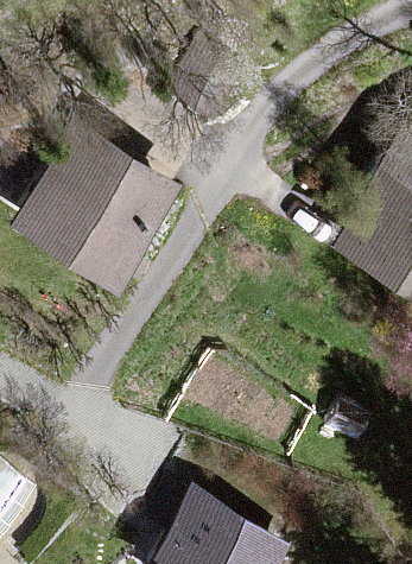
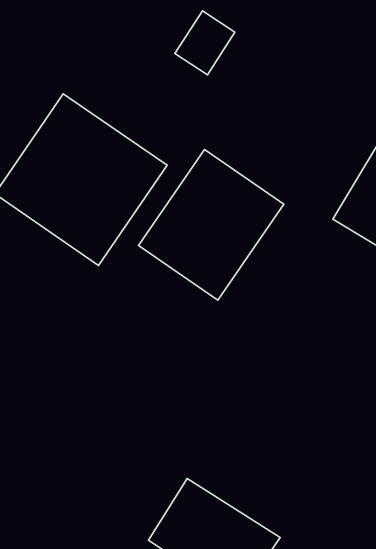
building: none -> [138,149,284,300]

